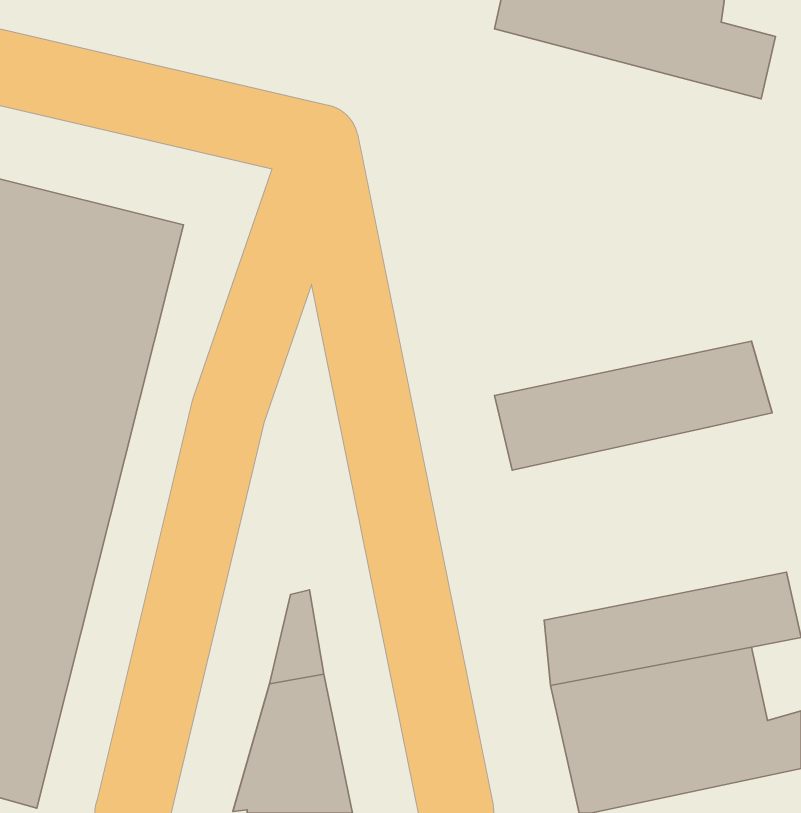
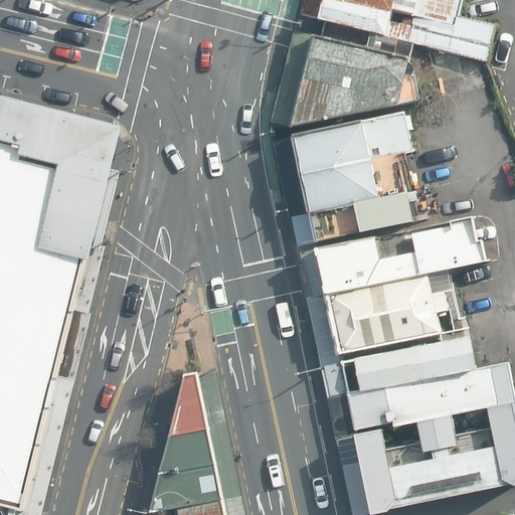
building: none -> [277,25,404,128]
building: none -> [291,108,415,238]
building: none -> [323,270,460,351]
building: none -> [339,334,473,387]

